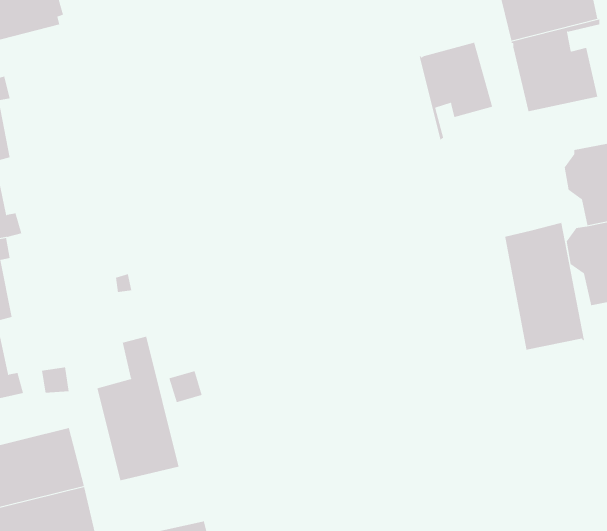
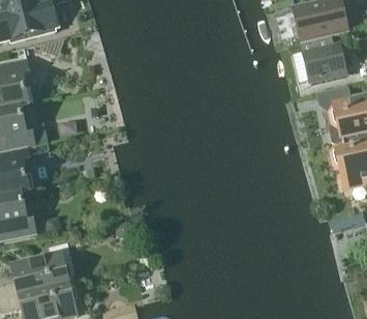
building: [419,42,493,141] -> none
building: [504,222,584,351] -> none
building: [97,336,179,481] -> none

